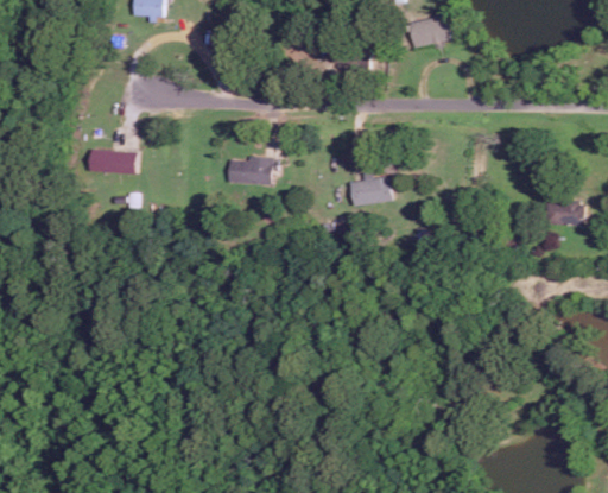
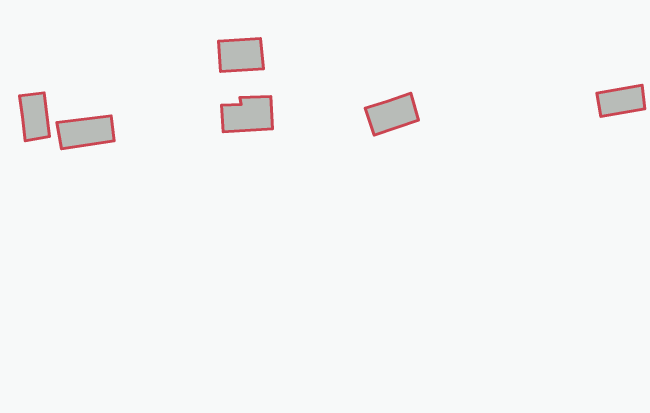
building: none -> [219,39,264,71]
building: none -> [20,93,49,141]

